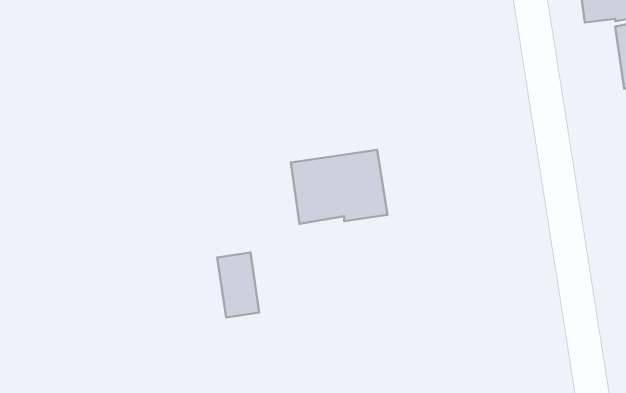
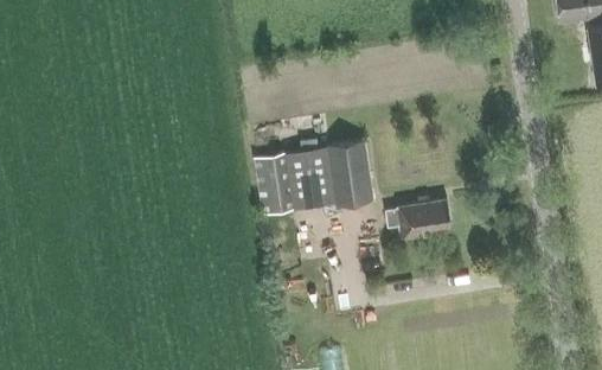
building: none -> [384,199,451,238]
building: [217,253,259,317] -> [254,153,293,213]

